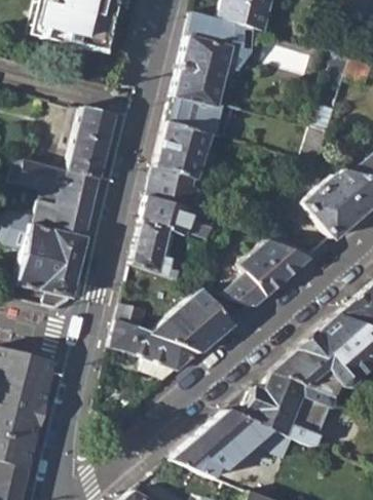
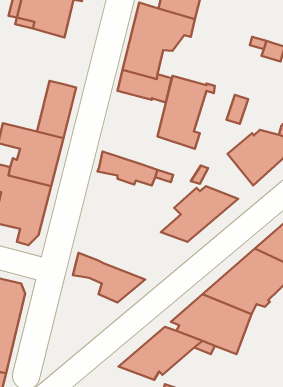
building: [149,119,220,209] -> [157,76,215,149]
building: [133,219,177,277] -> none
building: [151,286,231,352] -> none

